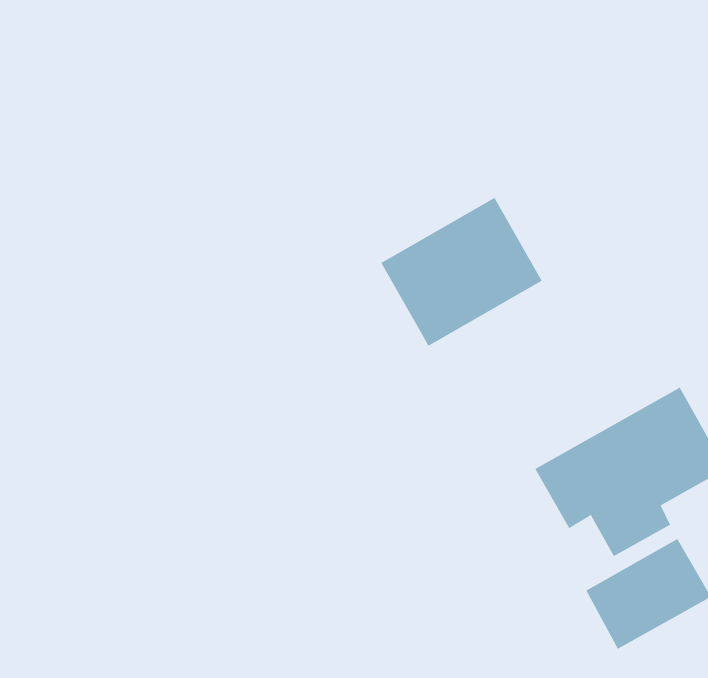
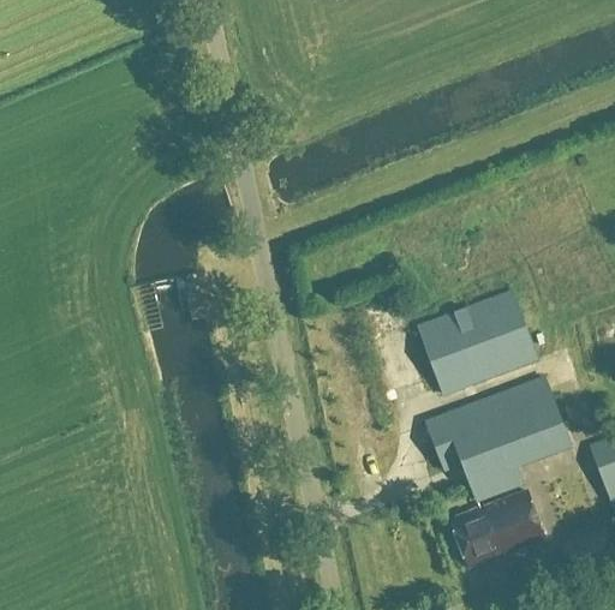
building: [380,197,543,347] -> [418,291,537,394]

